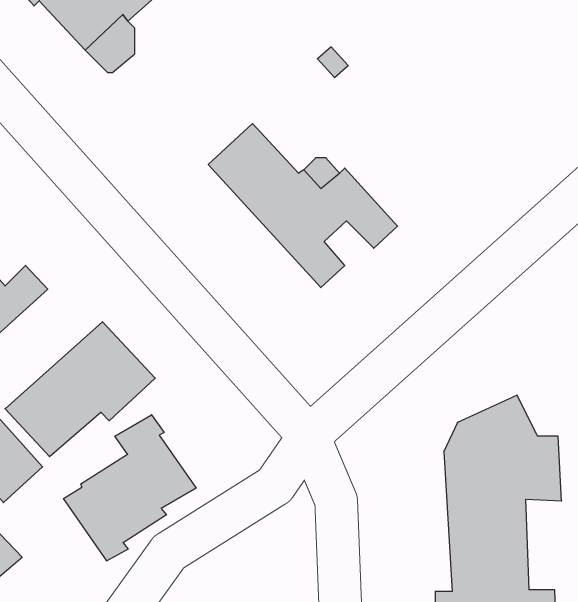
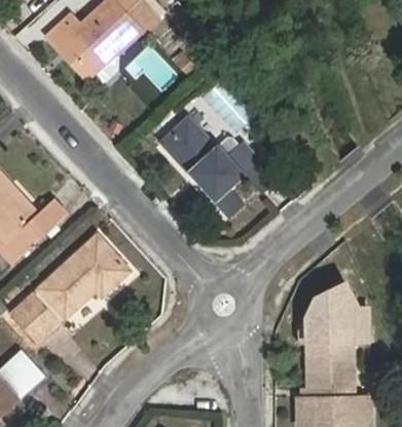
building: [64,415,196,561] -> none

